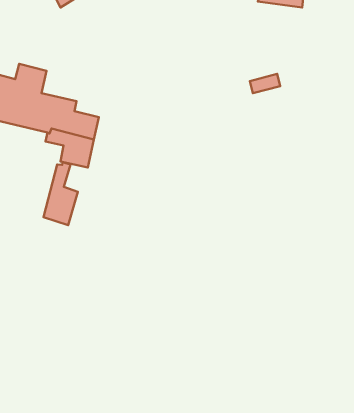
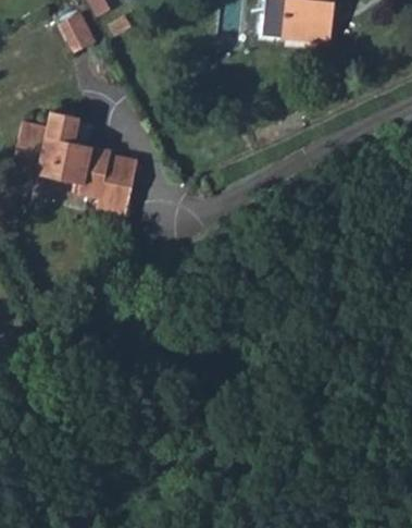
building: [43,162,78,225] -> none

